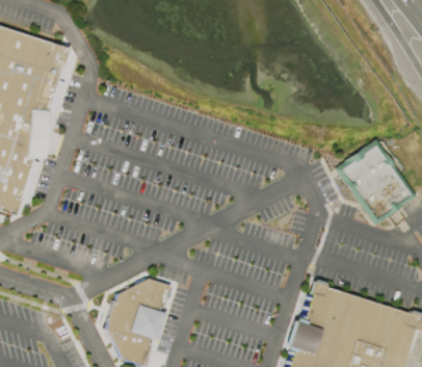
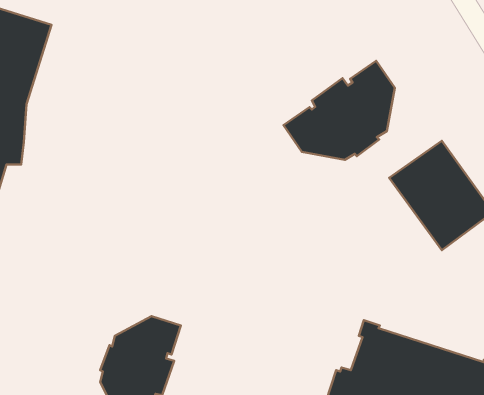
building: none -> [283,61,395,160]

